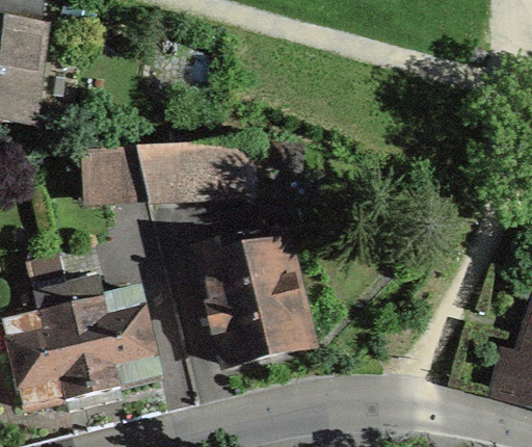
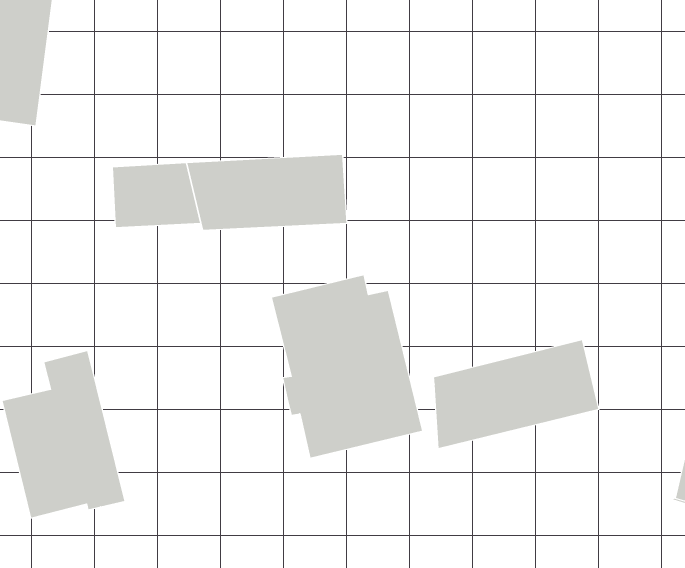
building: none -> [434,339,599,449]
building: [66,279,160,395] -> none

